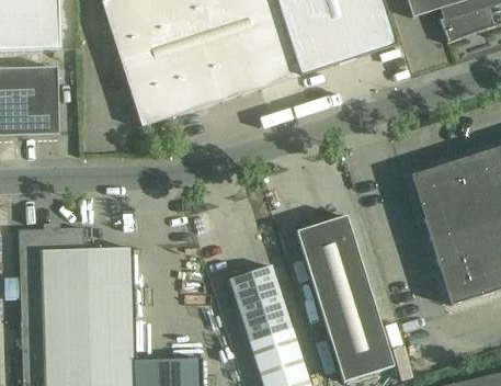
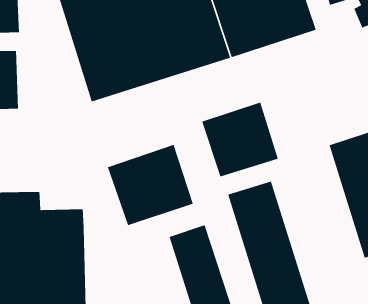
building: none -> [201,102,279,178]
building: none -> [107,144,194,226]

